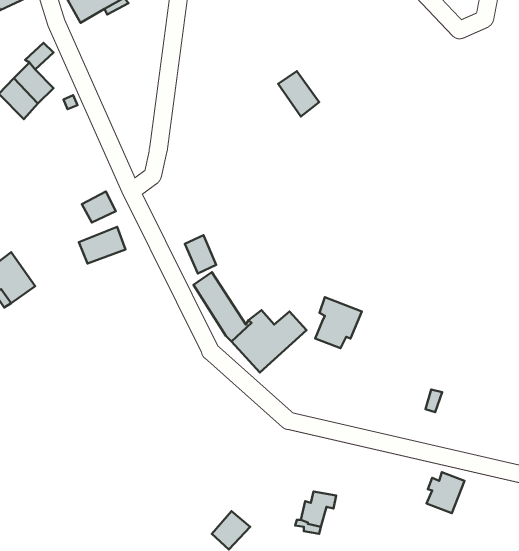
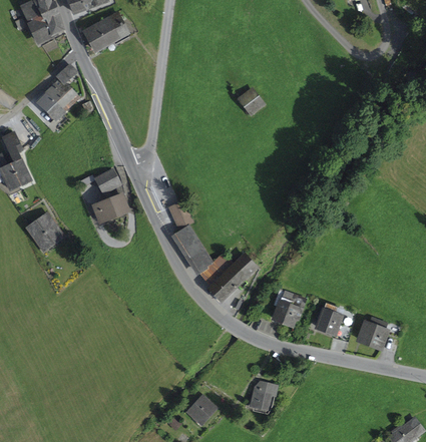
building: [315,297,362,348] -> [273,289,306,325]
building: none -> [317,304,342,333]
building: [426,472,465,513] -> [360,318,387,347]

